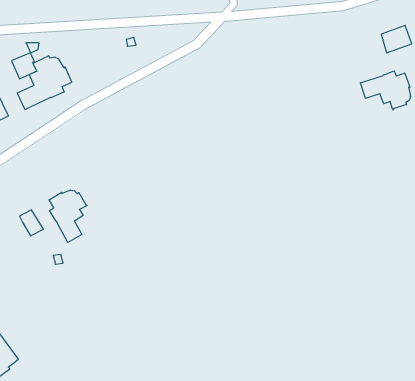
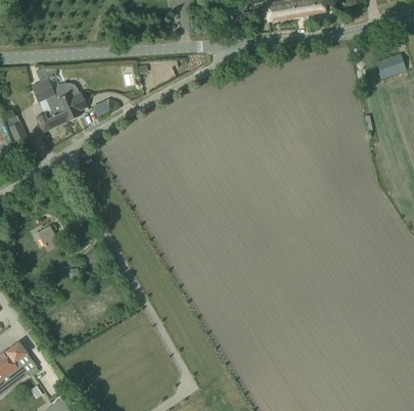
building: [360,71,410,110] -> none
building: [49,190,87,242] -> none

